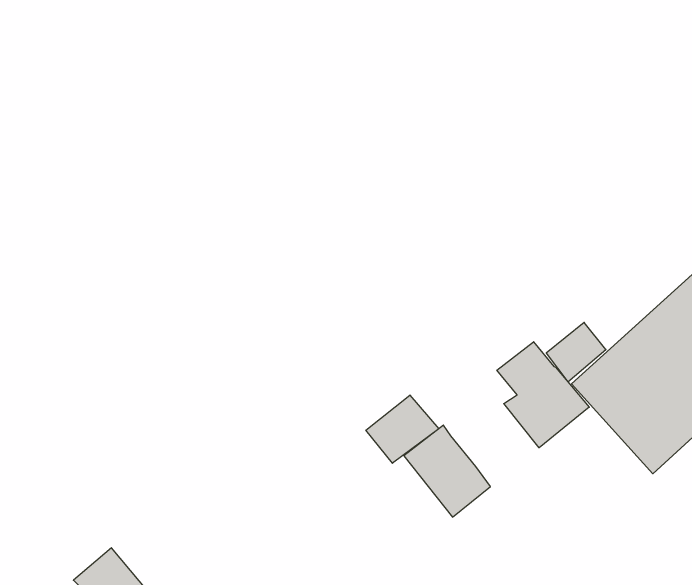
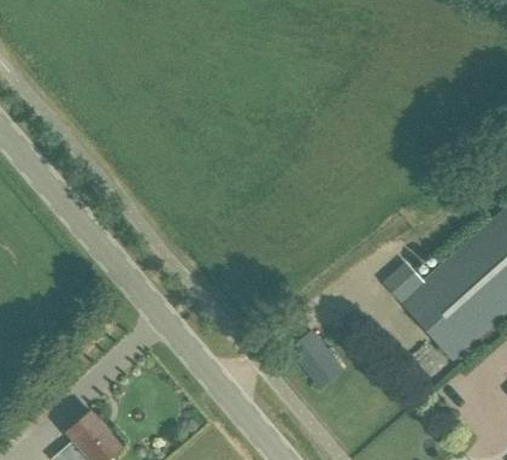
building: [497,342,589,448] -> none
building: [366,395,439,463] -> none

